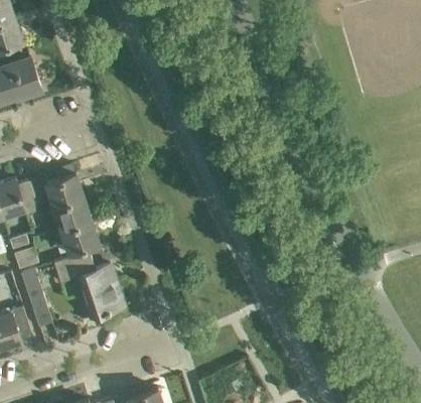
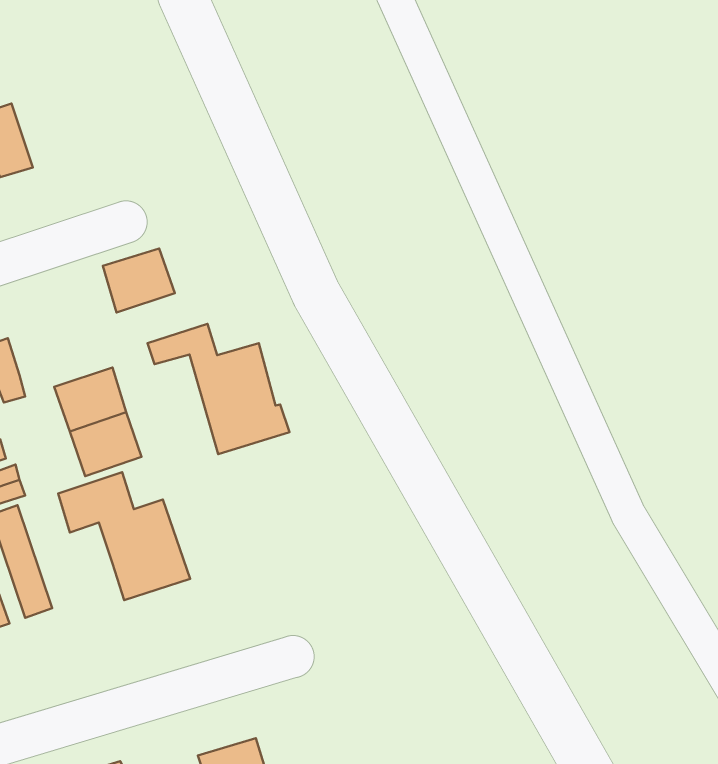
building: [45,173,83,207] -> [103,248,175,312]
building: none -> [148,324,289,454]

